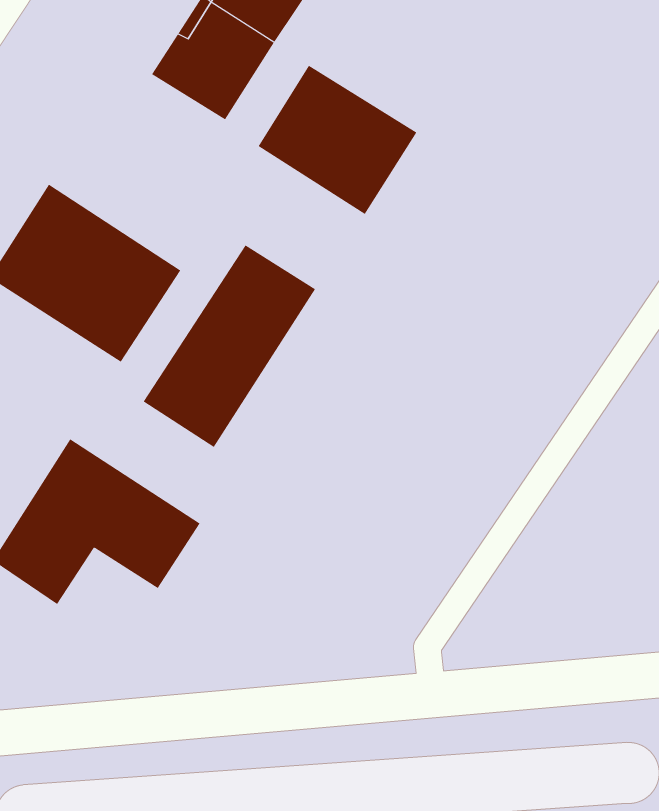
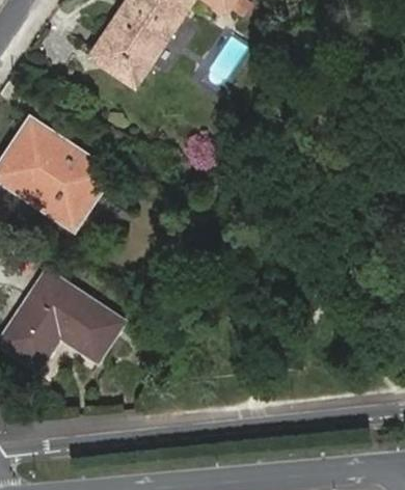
building: [258,65,417,215] -> none
building: [143,244,316,448] -> none

